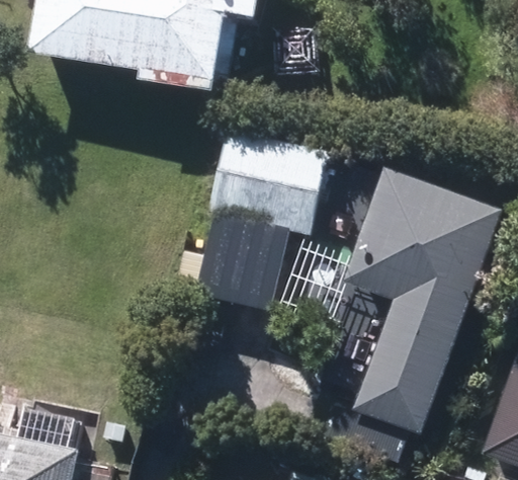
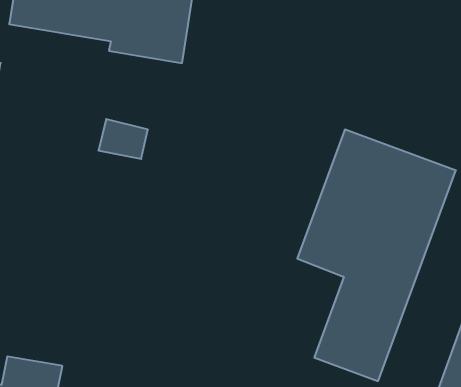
building: [196,125,328,308] -> none

